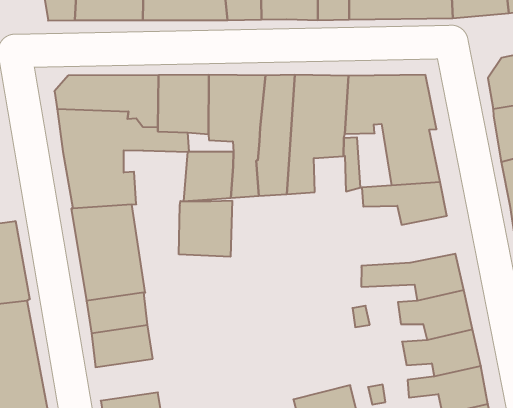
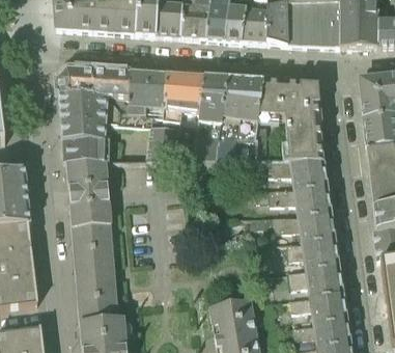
building: [179,201,232,257] -> none
building: none -> [270,182,330,213]
building: none -> [73,268,115,295]

